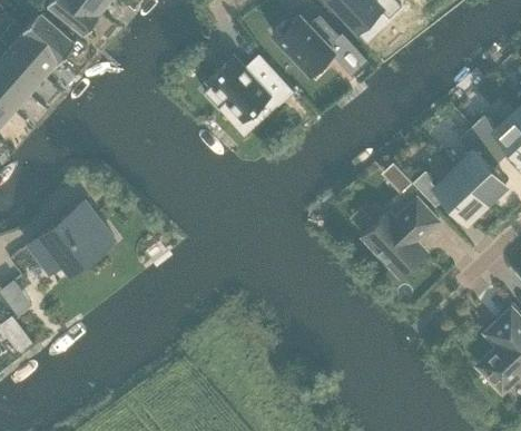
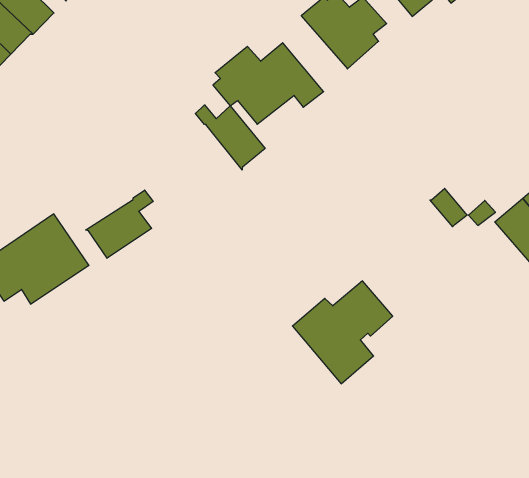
building: none -> [195,105,265,170]
building: none -> [86,190,153,258]
building: [360,196,439,278] -> [292,281,393,384]

